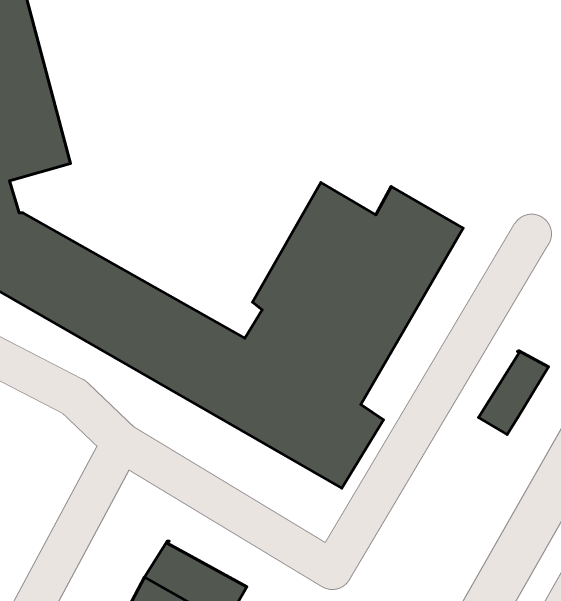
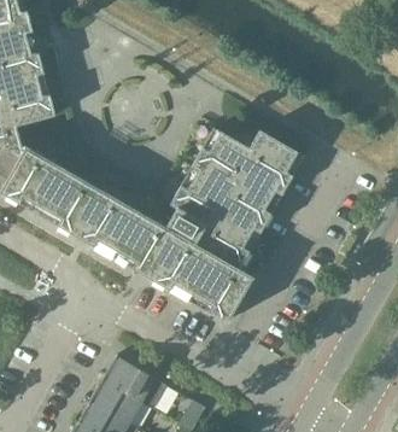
building: [479,351,549,435] -> none

